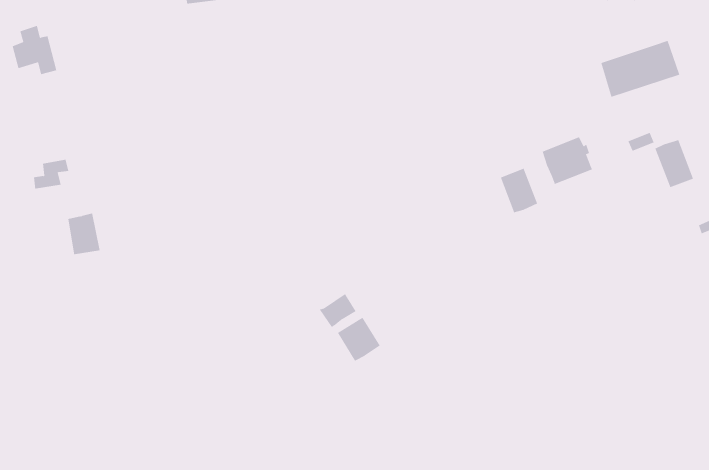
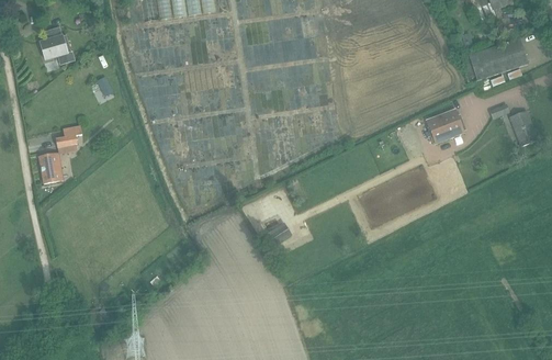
building: [500,168,538,213] -> none
building: [67,213,100,255] -> [38,151,63,182]
building: [337,317,380,362] -> none

